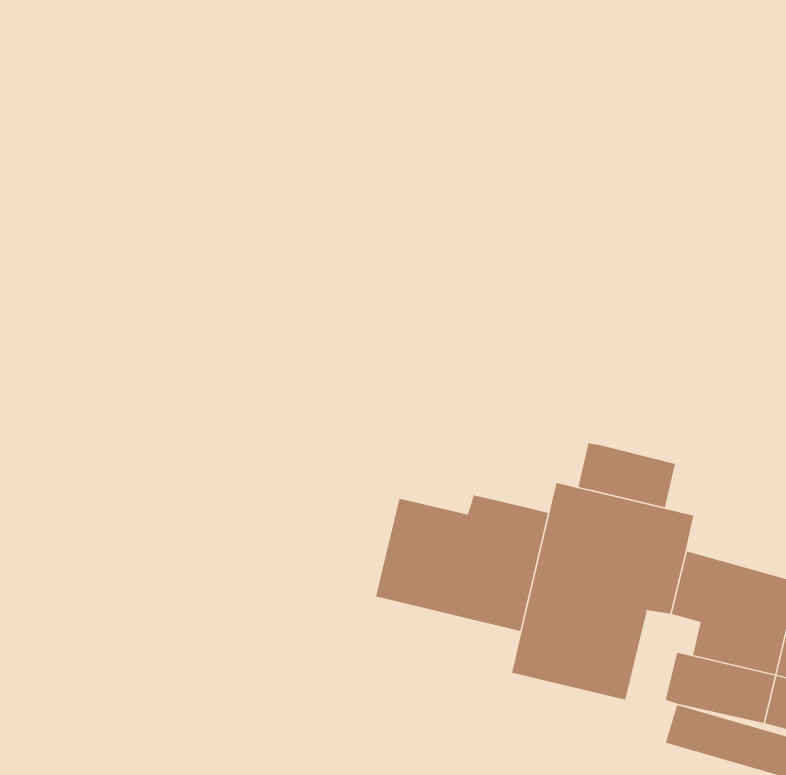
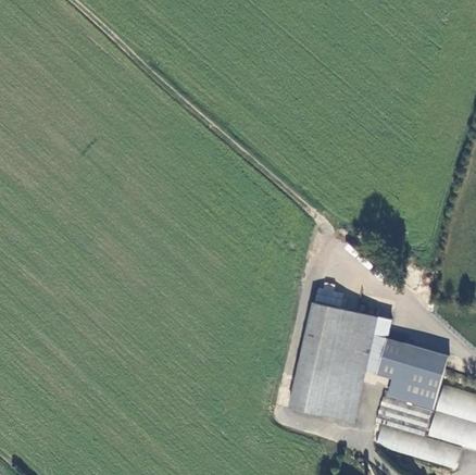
building: [577,443,676,508] -> none
building: [375,494,549,632] -> none

